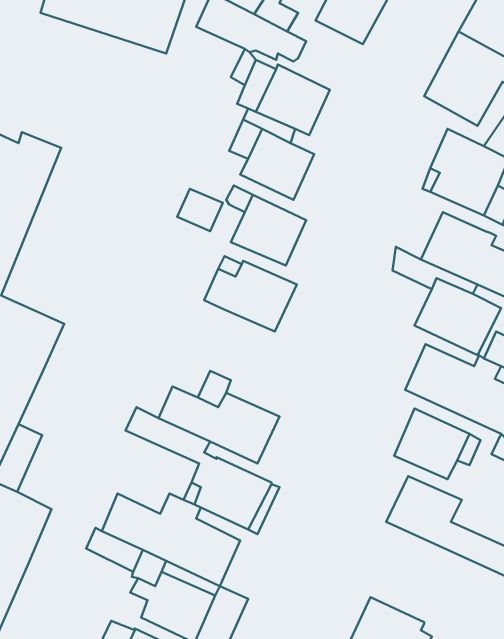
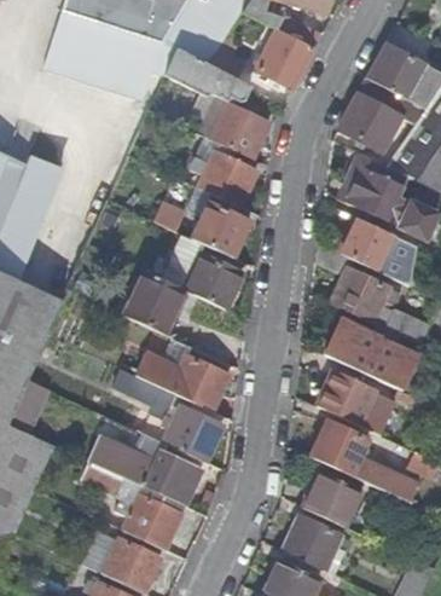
building: none -> [124,272,185,335]
building: none -> [303,470,360,525]

